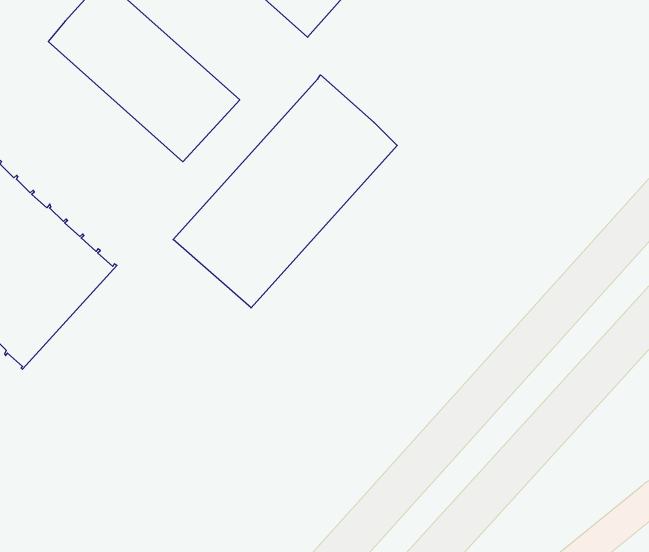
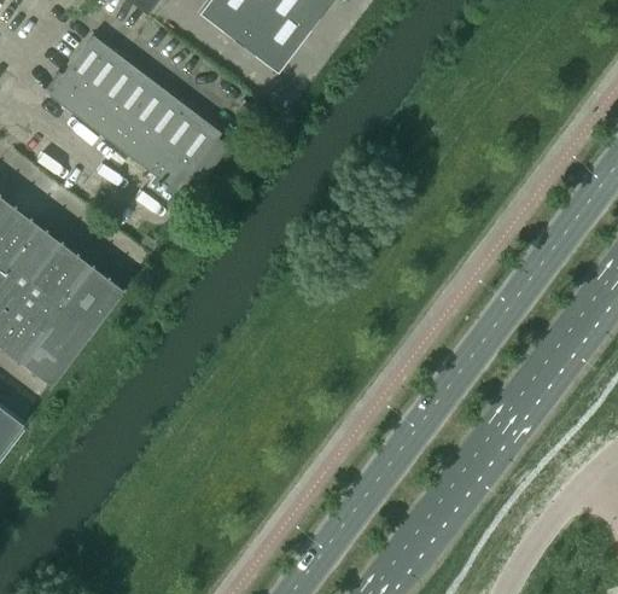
building: [173,75,397,308] -> none

